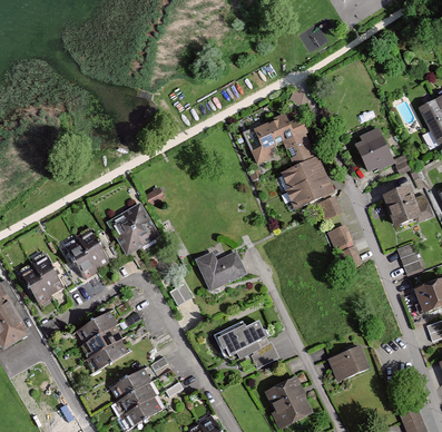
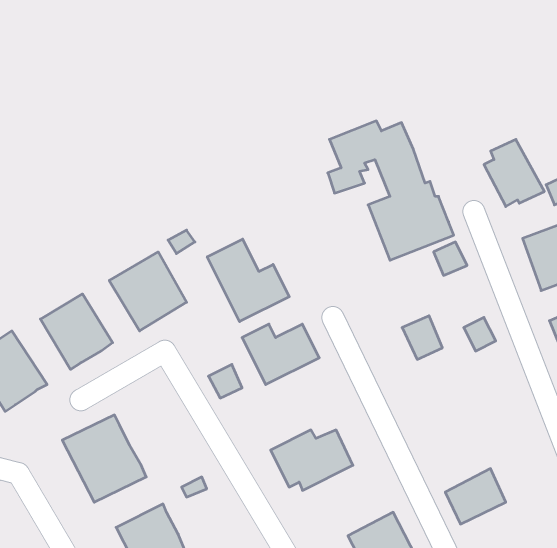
building: none -> [207,239,289,322]
building: [328,223,355,252] -> [402,316,442,359]

